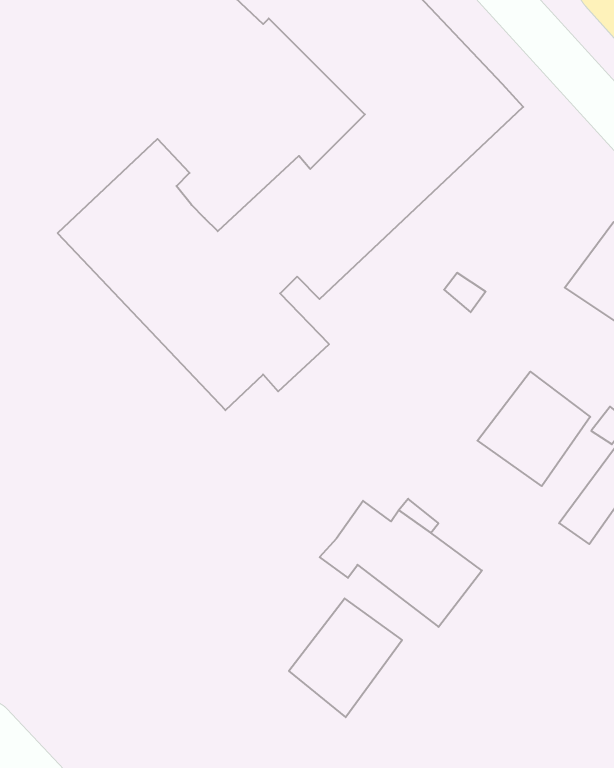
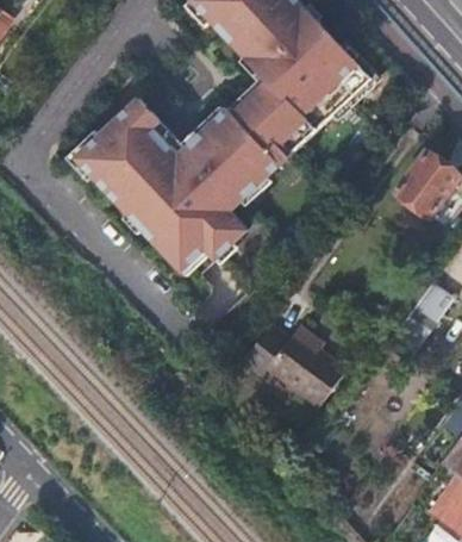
building: [477,372,590,486] -> none
building: [289,598,402,717] -> none

